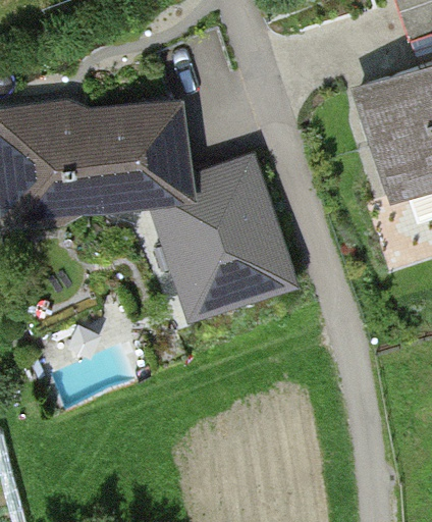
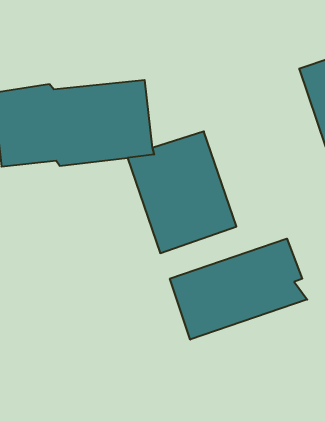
building: none -> [170,239,307,340]

